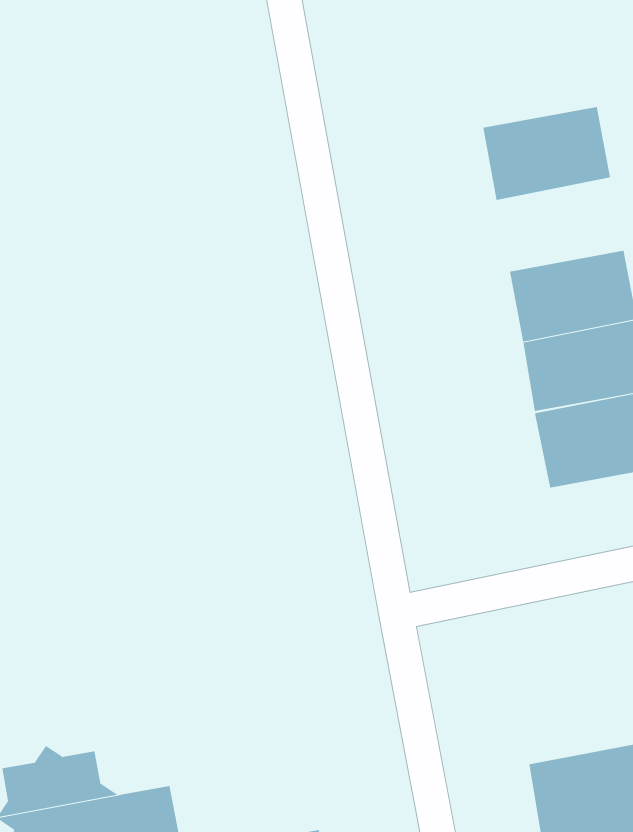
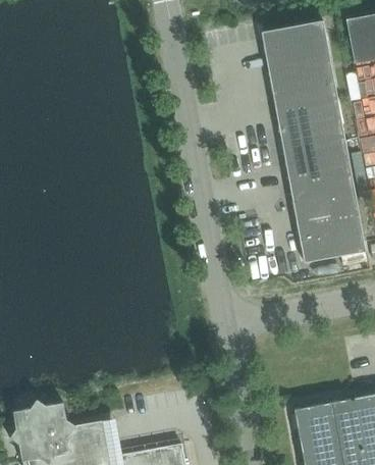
building: none -> [262,22,330,72]
building: none -> [276,99,344,149]

